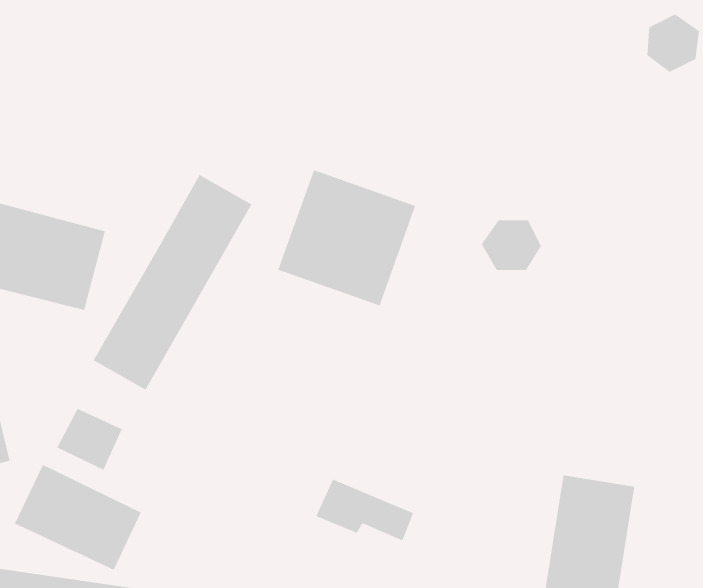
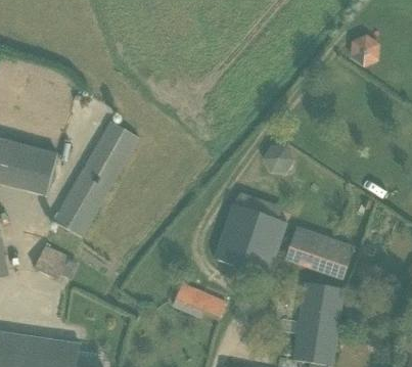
building: [277,169,416,306] -> [214,202,288,276]
building: none -> [285,226,355,279]
building: [14,464,142,571] -> none

